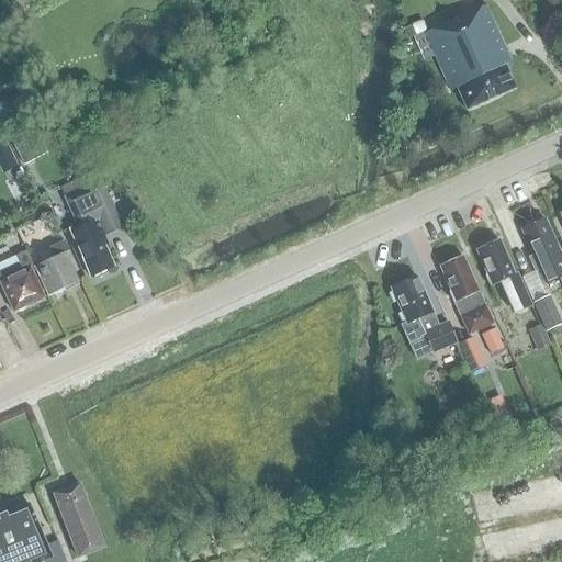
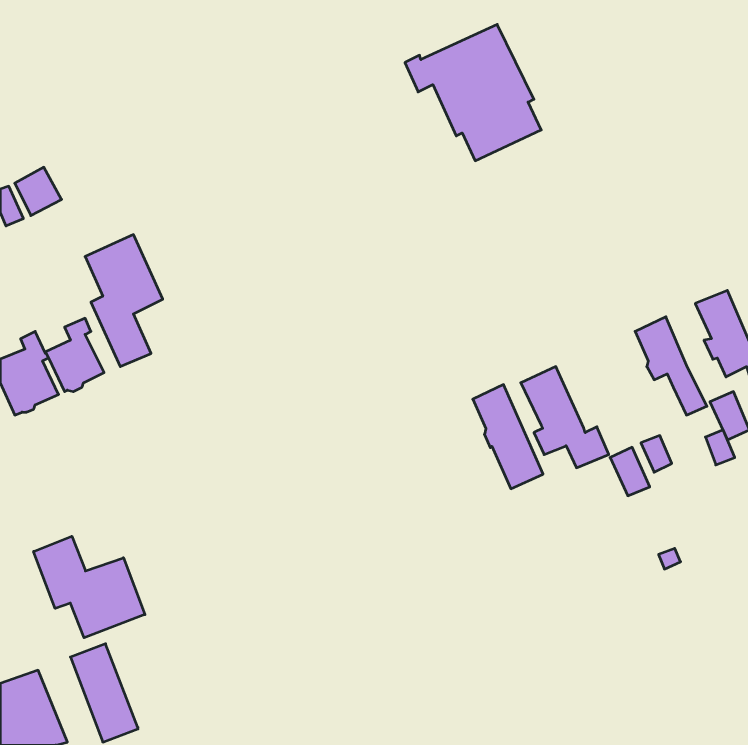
building: [414,7,516,109] -> [405,24,541,161]
building: [440,254,493,331] -> [473,385,543,489]
building: none -> [34,536,145,638]

